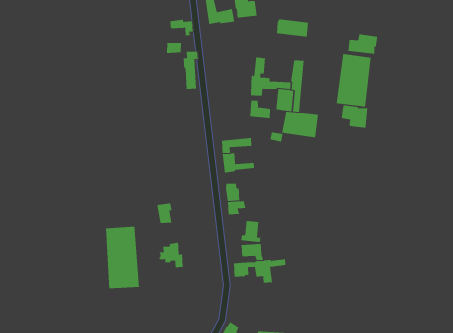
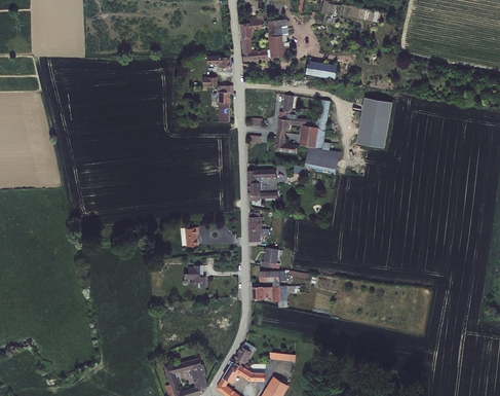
building: [348,34,378,54] -> none
building: [341,104,368,128] -> none
building: [106,226,139,289] -> none

